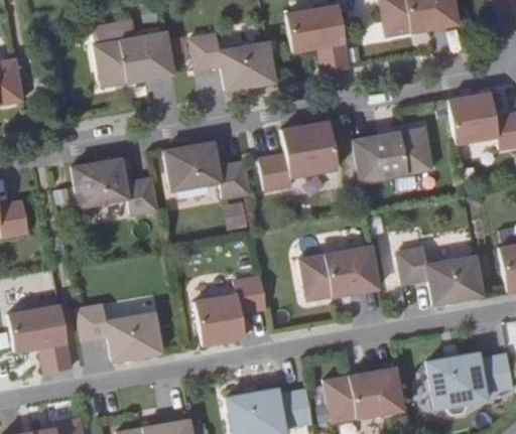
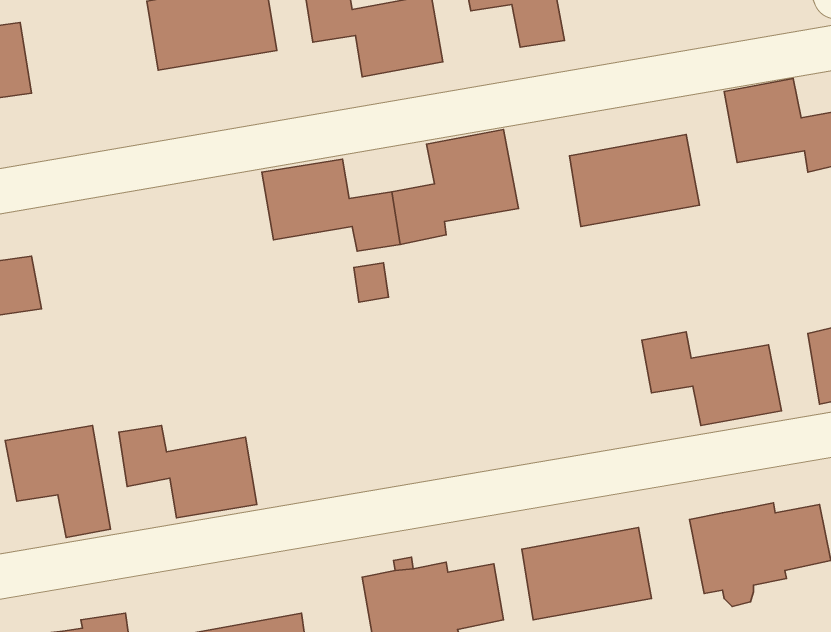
building: [73,157,158,214] -> none
building: [299,245,380,301] -> none
building: [195,276,267,344] -> none

